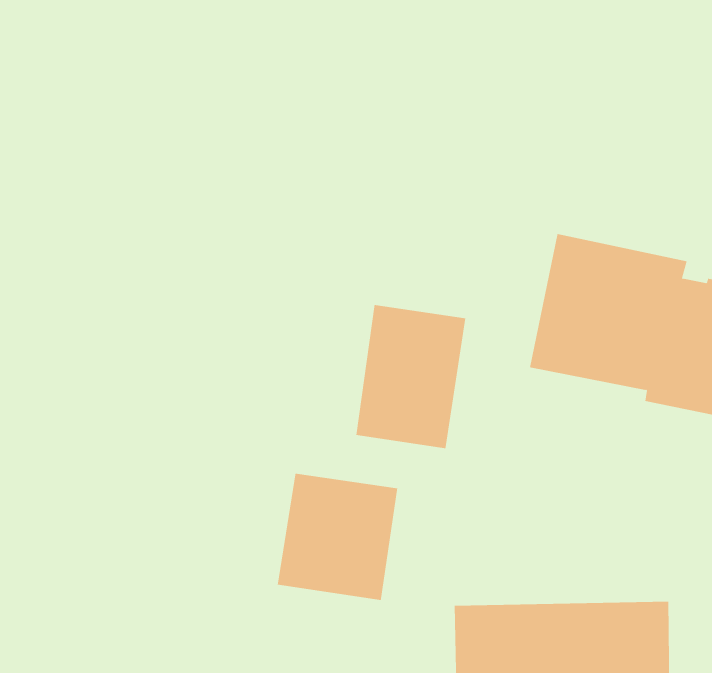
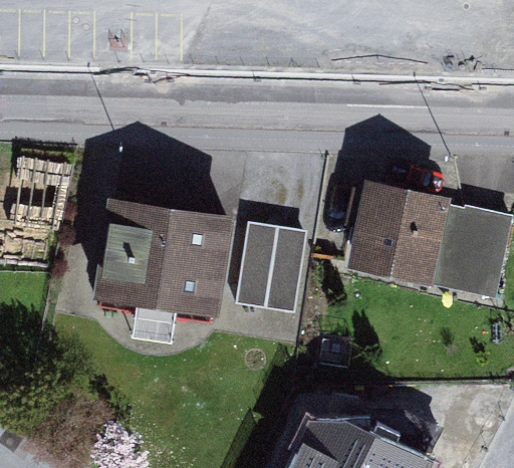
building: none -> [90,198,233,316]
building: [277,473,398,601] -> none

